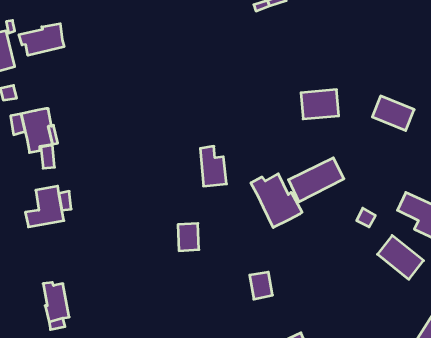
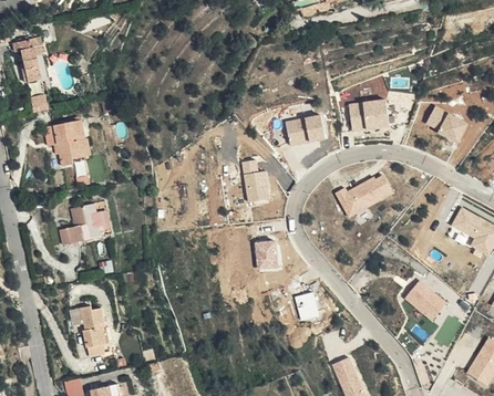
building: [19,24,64,55] -> none
building: none -> [286,115,325,145]
building: [251,174,302,228] -> none
building: [178,223,199,251] -> [255,240,277,269]
building: [377,235,424,279] -> [399,275,447,322]

